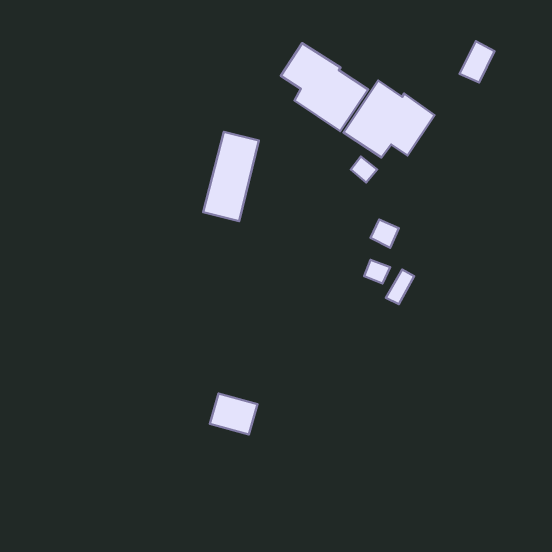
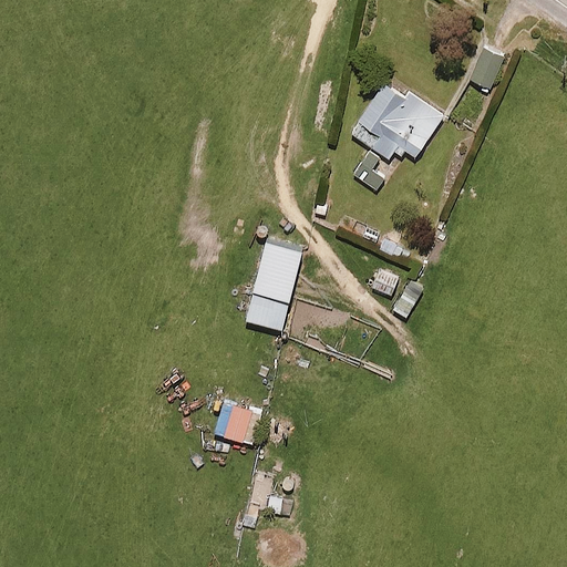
building: [281,43,368,131] -> none
building: [203,132,259,221] -> [246,234,302,324]

